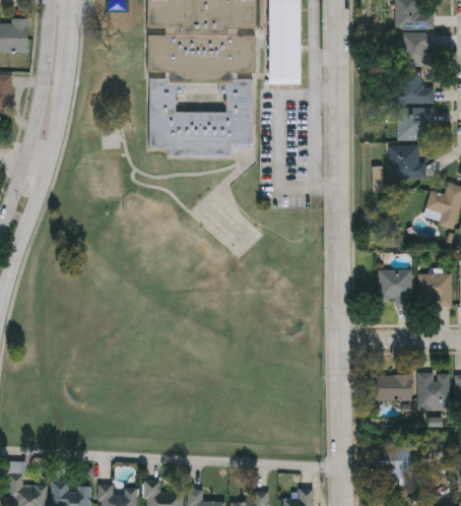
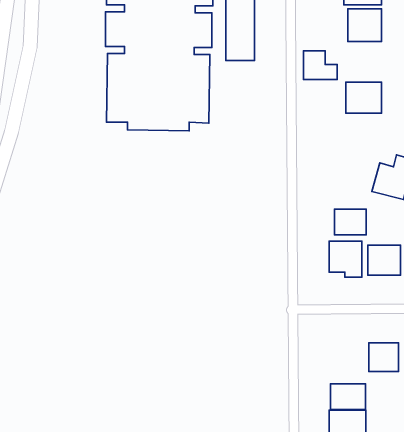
building: [397,73,432,103] -> [303,51,337,80]
building: [386,145,423,179] -> none
building: none -> [334,209,366,235]
building: [376,375,411,401] -> [331,384,365,410]

